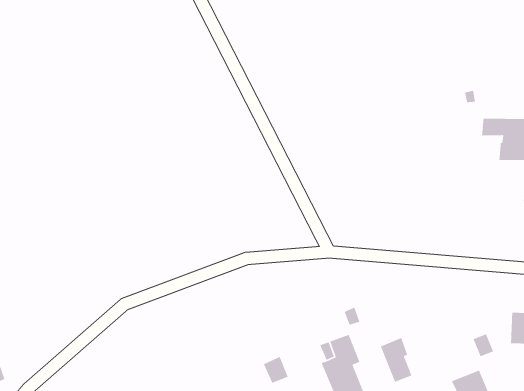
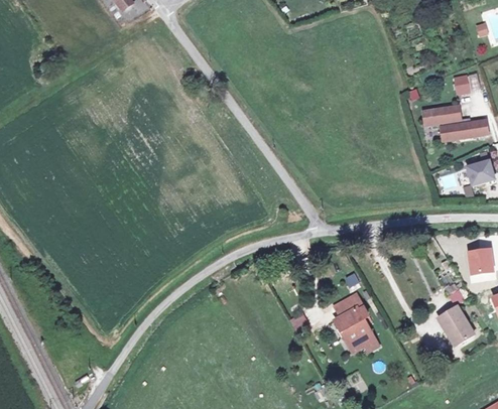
building: [380,337,412,383] -> none

